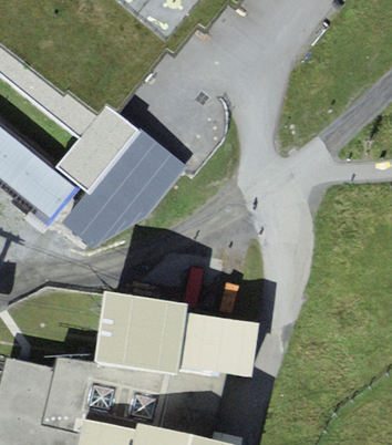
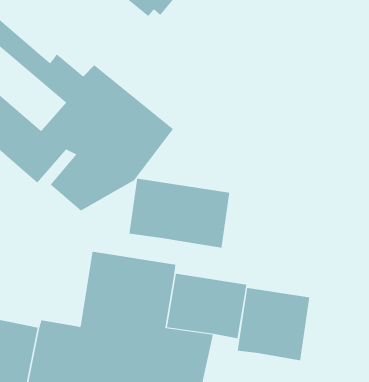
building: none -> [129,178,230,249]
building: none -> [237,287,310,361]

